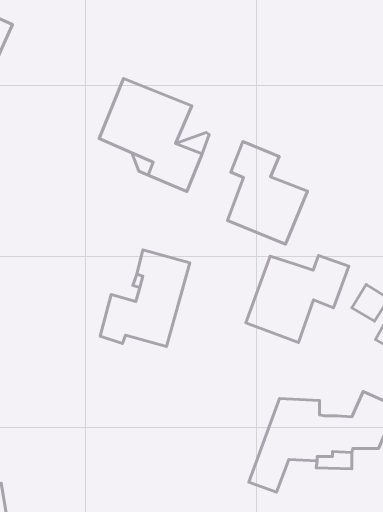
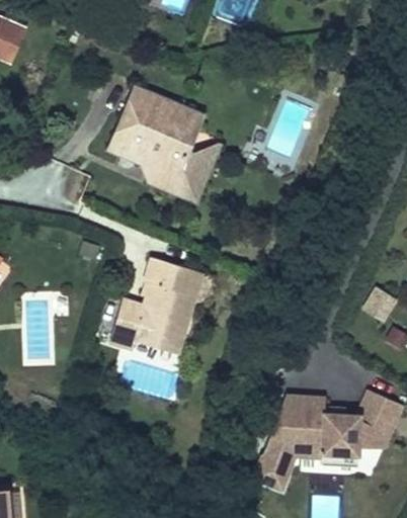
building: [227,142,308,244] -> none
building: [246,256,349,342] -> none

